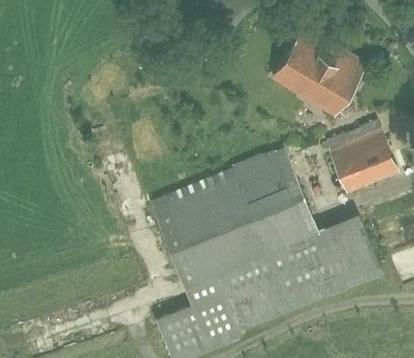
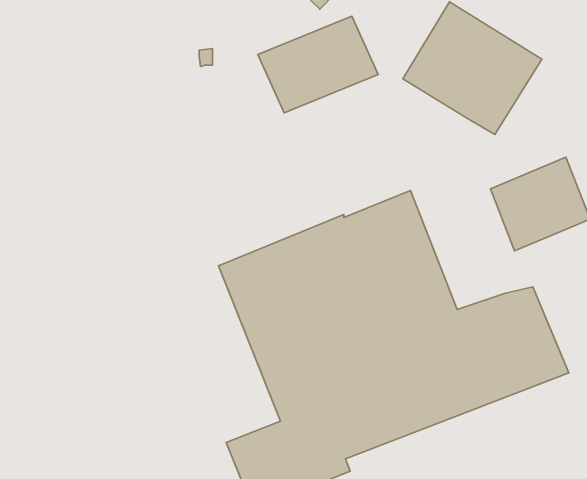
building: none -> [258,16,378,113]

